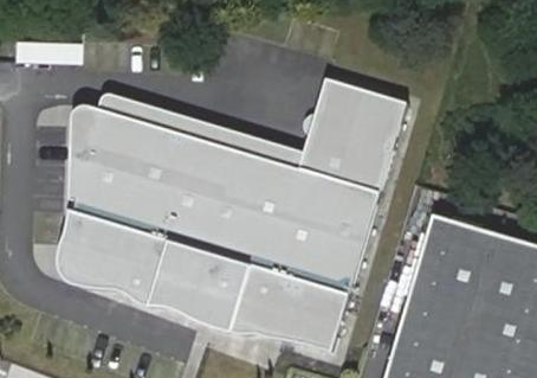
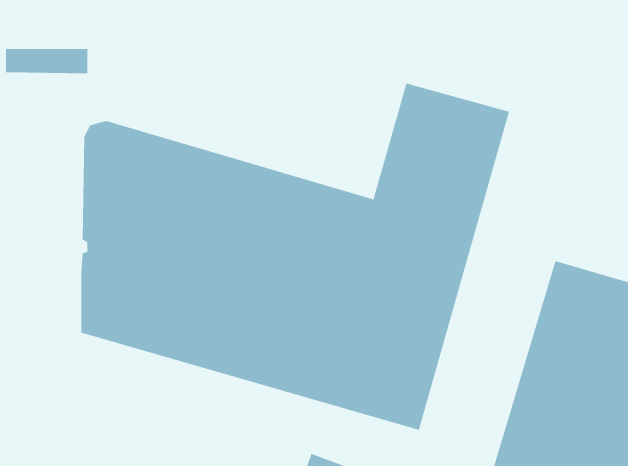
building: [57,224,332,352] -> none

